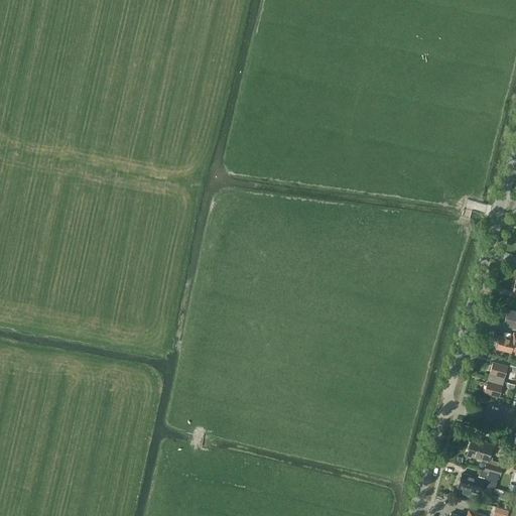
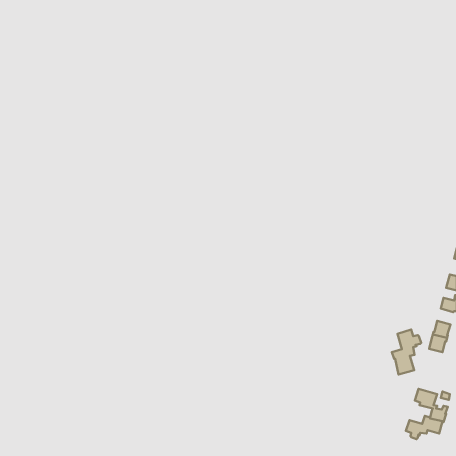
building: none -> [392,330,421,374]

